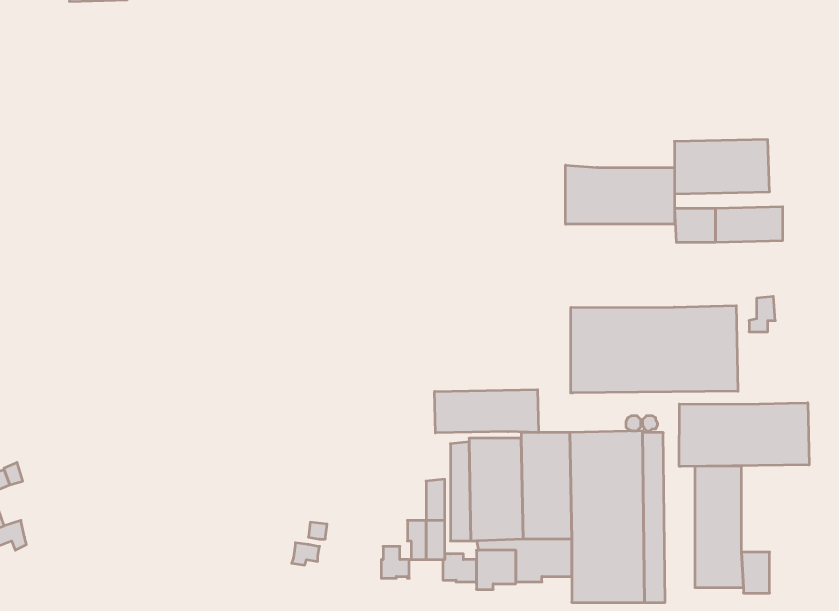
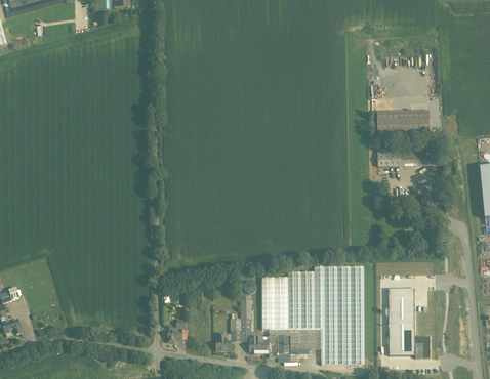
building: [566,165,674,224] -> none
building: [571,306,738,393] -> none
building: [435,390,538,433] -> none
building: [679,403,809,466] -> none

